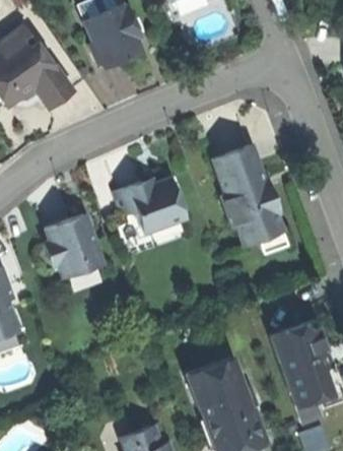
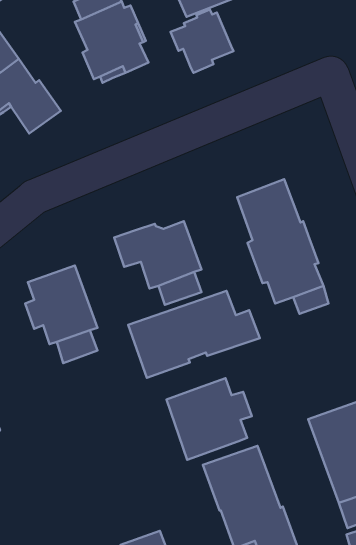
building: none -> [171,9,233,73]
building: none -> [128,291,260,378]
building: none -> [167,378,252,460]

